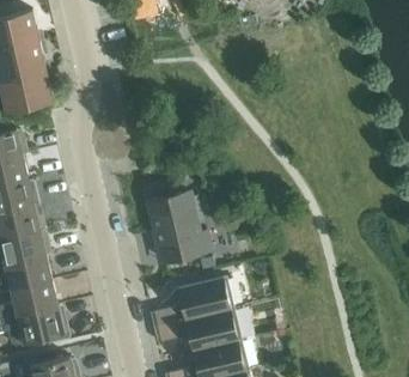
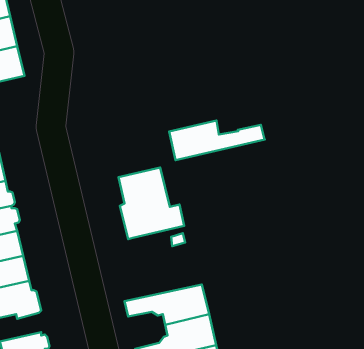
building: none -> [169,121,265,160]
building: [151,278,232,327] -> none

